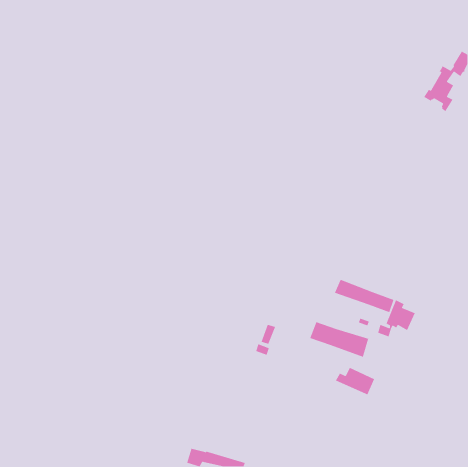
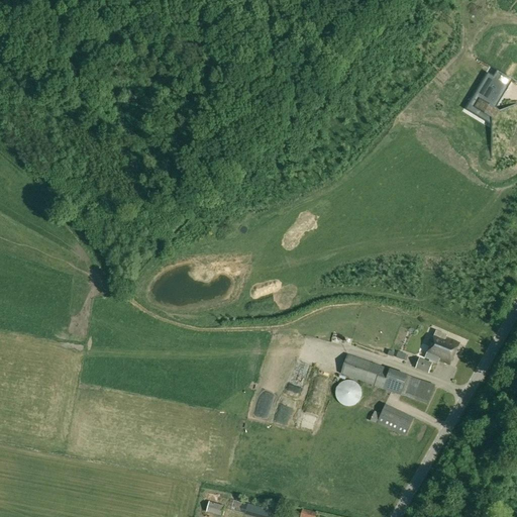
building: [334,278,394,313] -> none
building: none -> [400,374,434,403]
building: none -> [335,379,360,404]

